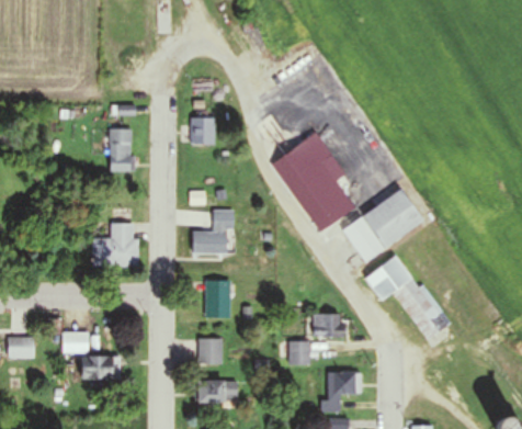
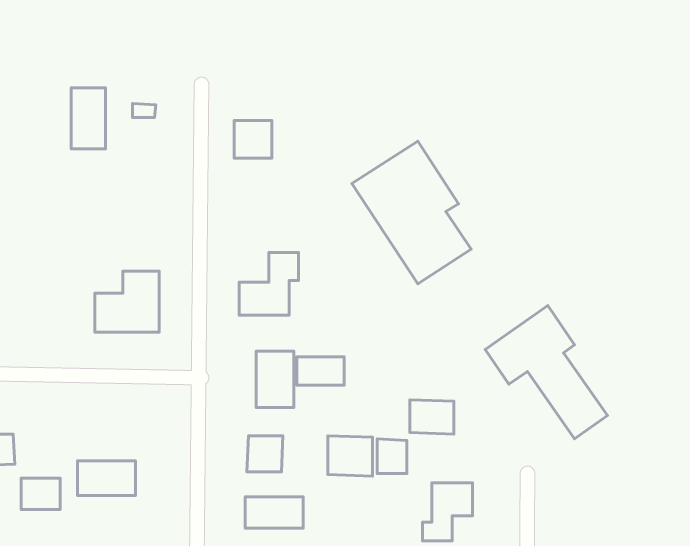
building: [109,128,133,171] -> [71,88,106,149]
building: [341,189,422,261] -> none
building: none -> [297,357,344,385]
building: [61,331,89,353] -> [21,478,60,510]
building: none -> [328,436,372,476]

